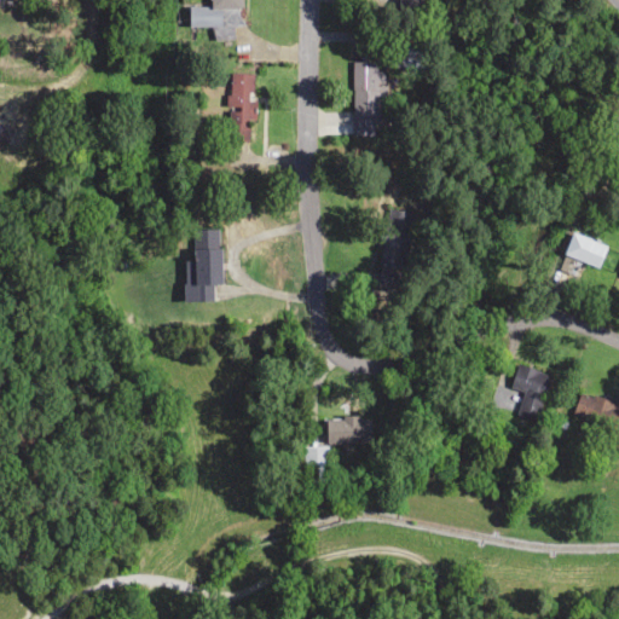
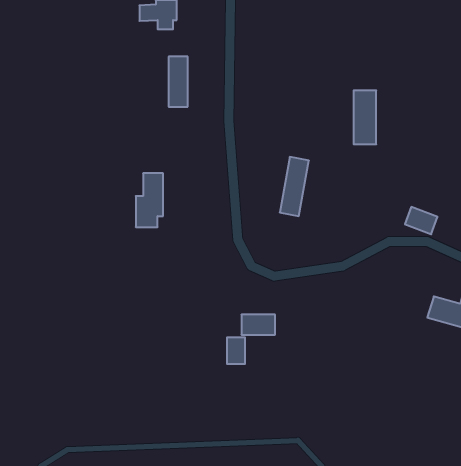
building: [355,62,386,133] -> [354,90,376,144]
building: [567,232,611,268] -> [405,207,438,234]
building: [513,364,554,422] -> none

